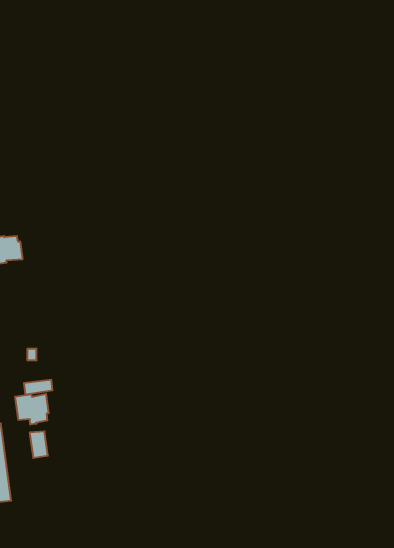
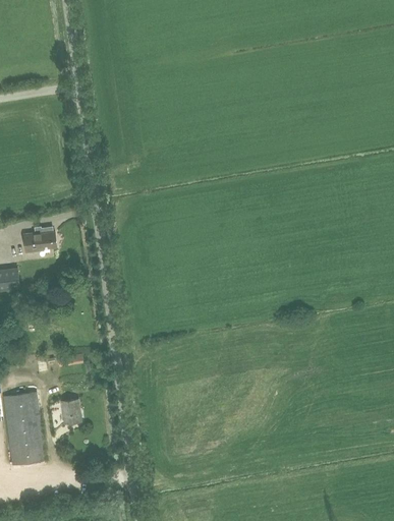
building: [15,394,49,425] -> none

